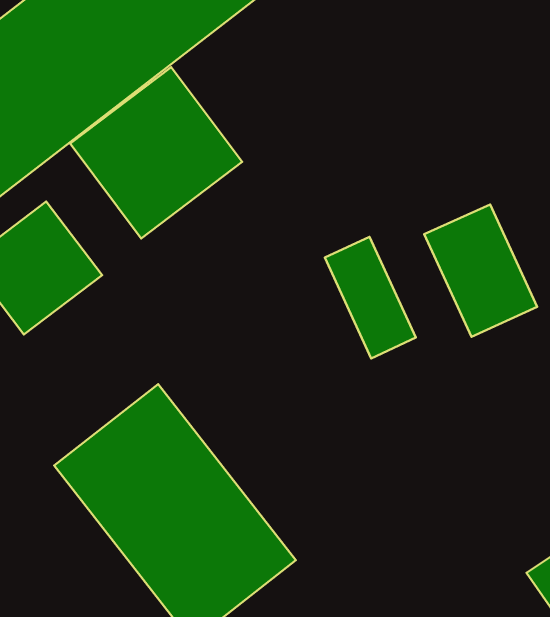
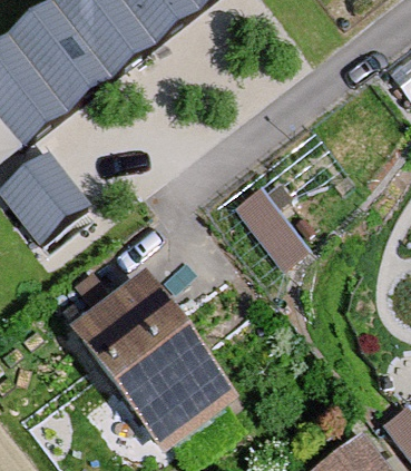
building: [70,67,242,238] -> none
building: [424,204,537,337] -> none

